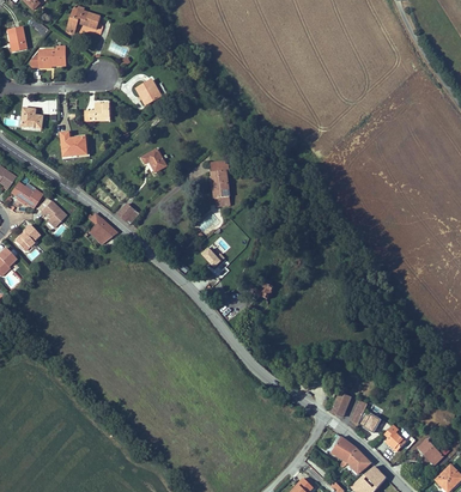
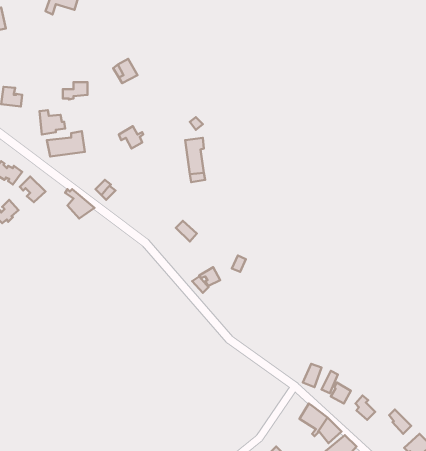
building: [30,45,65,67] -> none
building: none -> [47,131,85,156]

